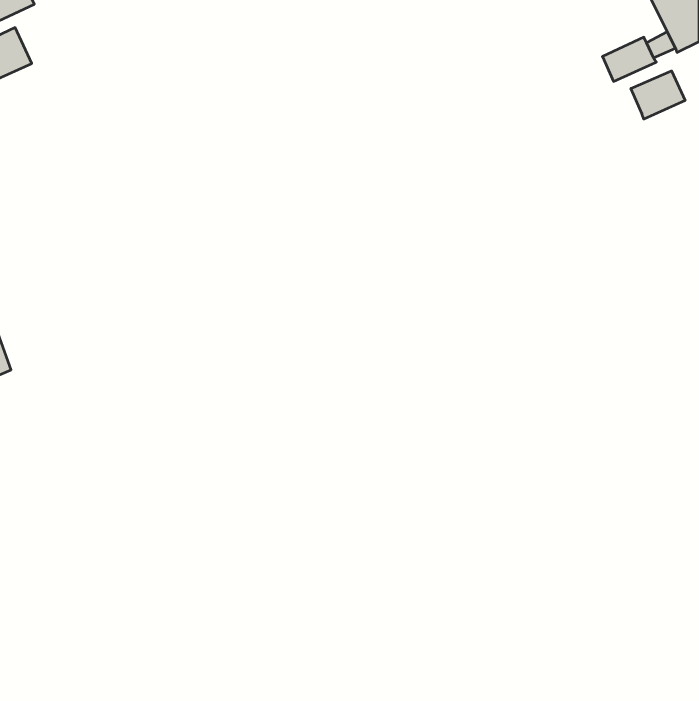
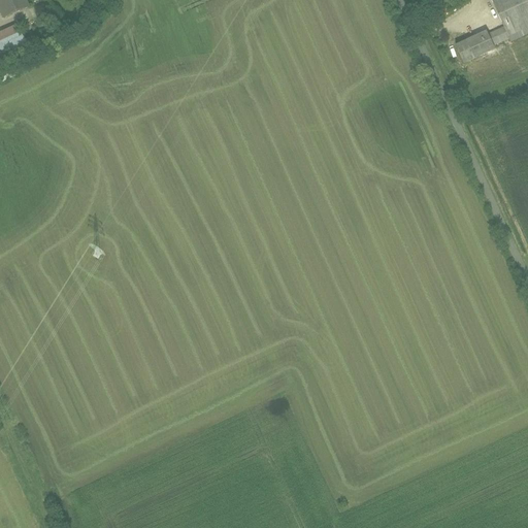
building: [631,71,685,119] -> none

